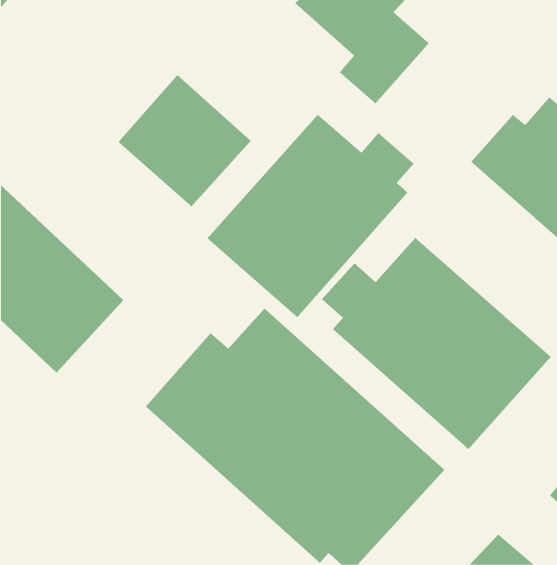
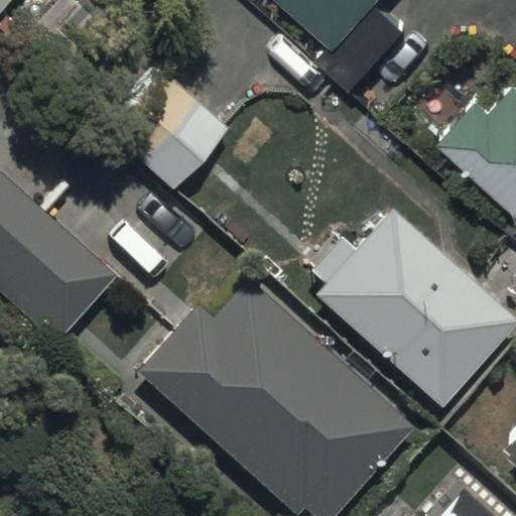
building: [207,114,415,318] -> none

